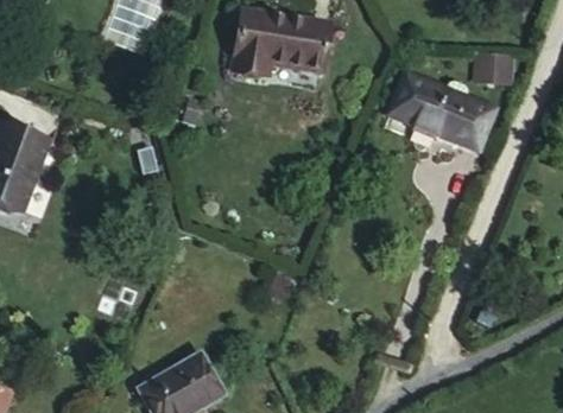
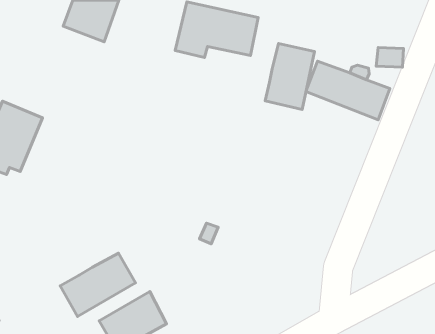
building: none -> [265,43,315,109]
building: none -> [60,253,136,317]

